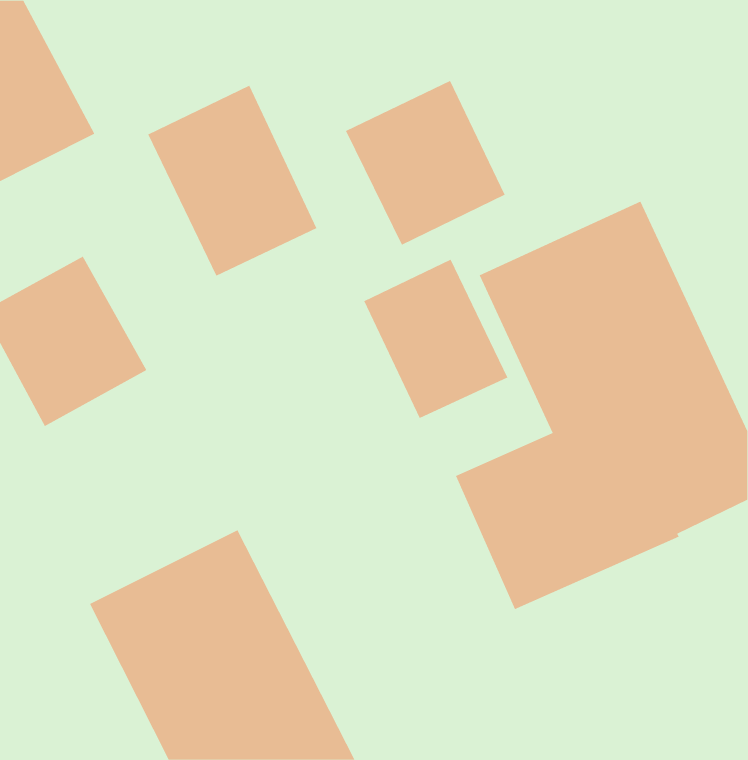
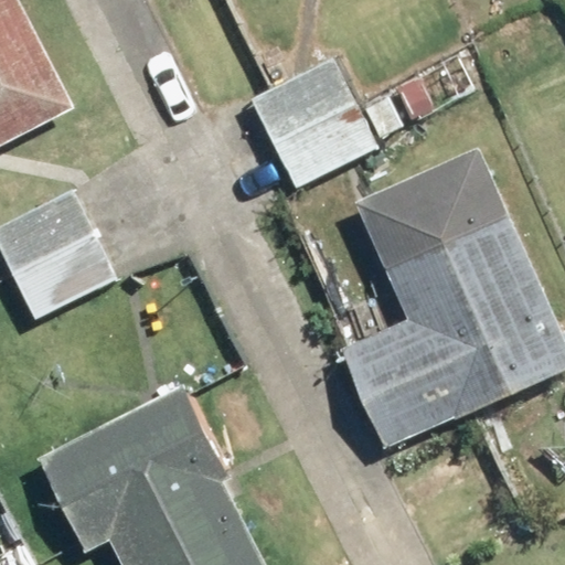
building: [148,85,317,276] -> none
building: [363,259,508,419] -> none

